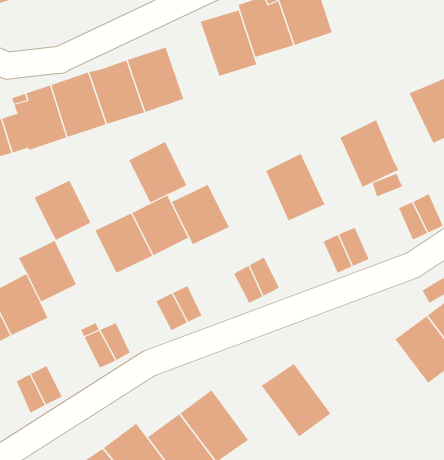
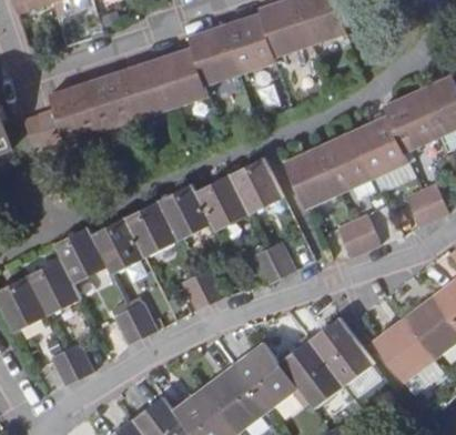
building: none -> [189,23,241,85]
building: none -> [383,90,439,153]
building: none -> [317,131,374,193]
building: [128,141,187,203] -> [231,156,285,214]
building: [34,180,91,241] -> [92,217,145,274]
building: none -> [311,317,376,387]
building: none -> [373,318,435,382]
building: none -> [234,342,300,412]

